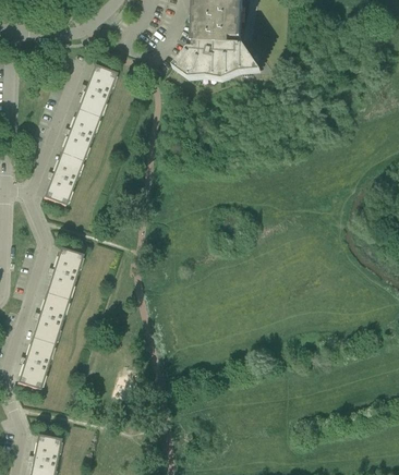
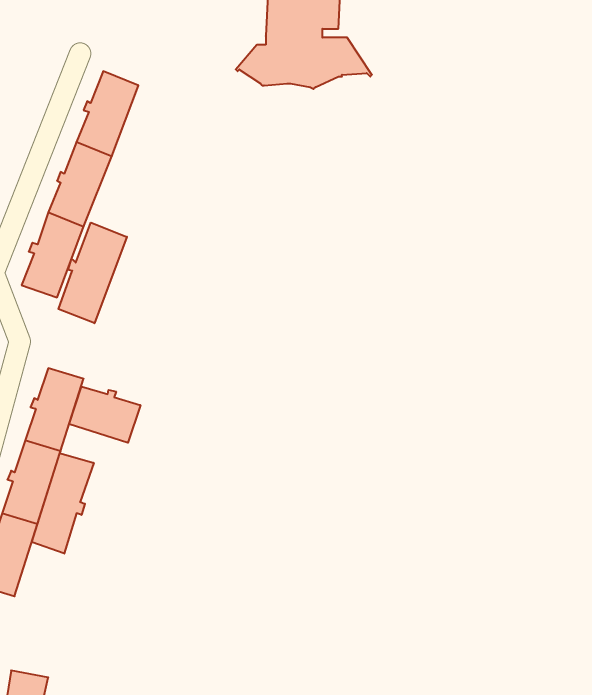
building: none -> [58,223,127,323]
building: none -> [69,386,140,443]
building: none -> [32,453,94,554]

